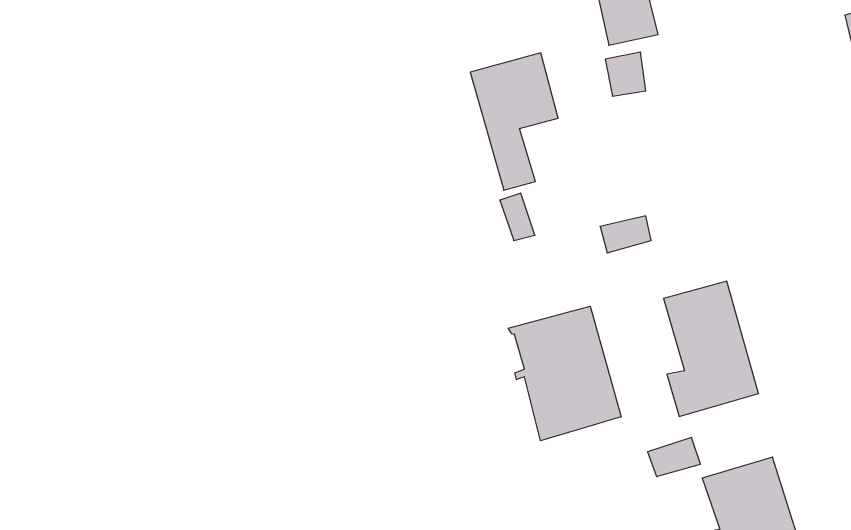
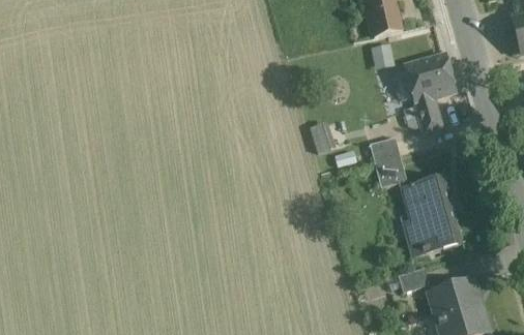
building: [470,53,558,190] -> [404,53,456,133]
building: none -> [373,151,406,185]
building: [508,306,621,441] -> none

